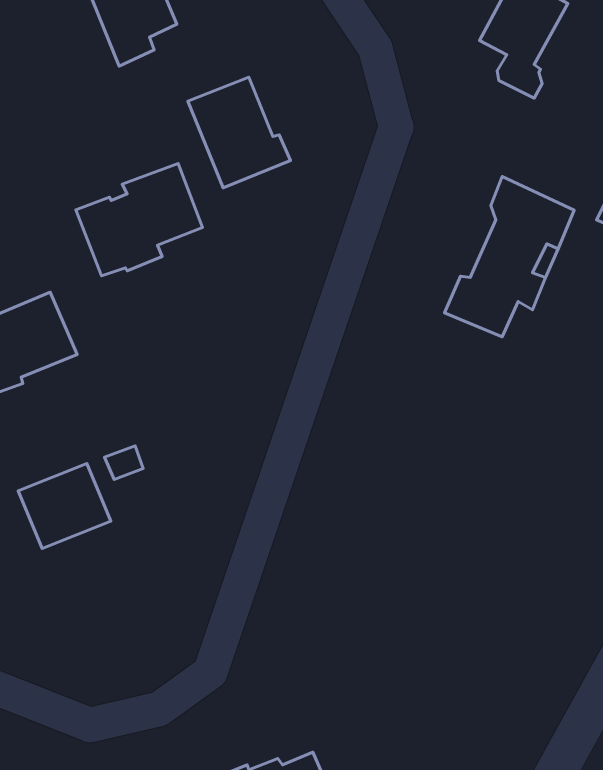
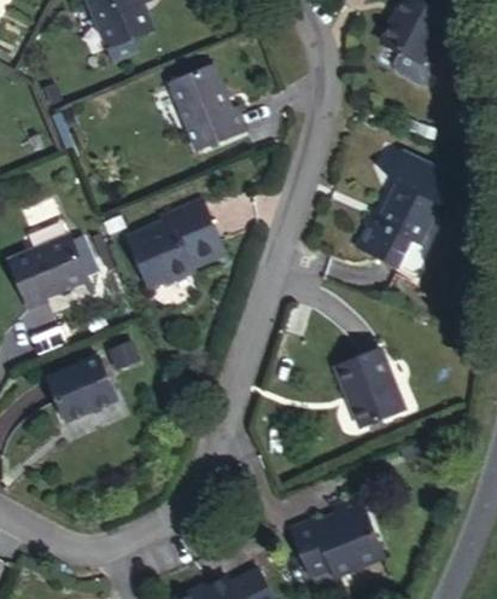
building: [76,163,202,276] -> [122,199,217,284]
building: none -> [344,345,411,423]
building: none -> [291,493,384,576]

